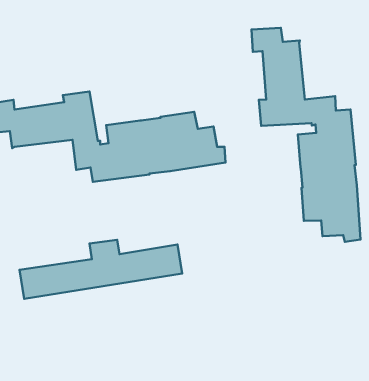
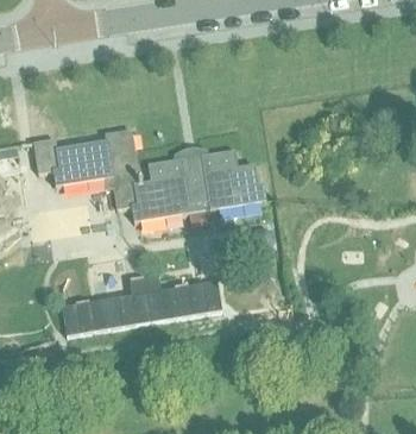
building: [251,28,360,242] -> none

